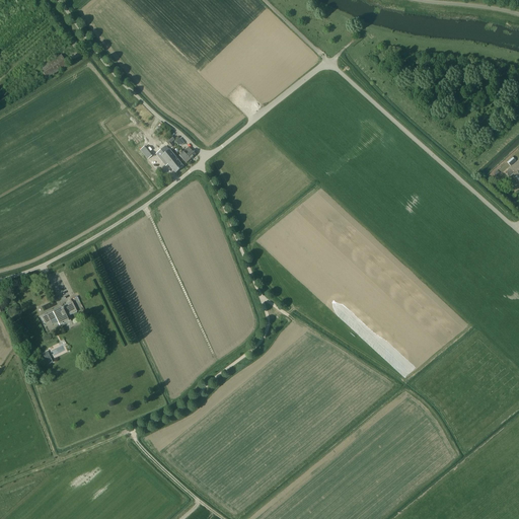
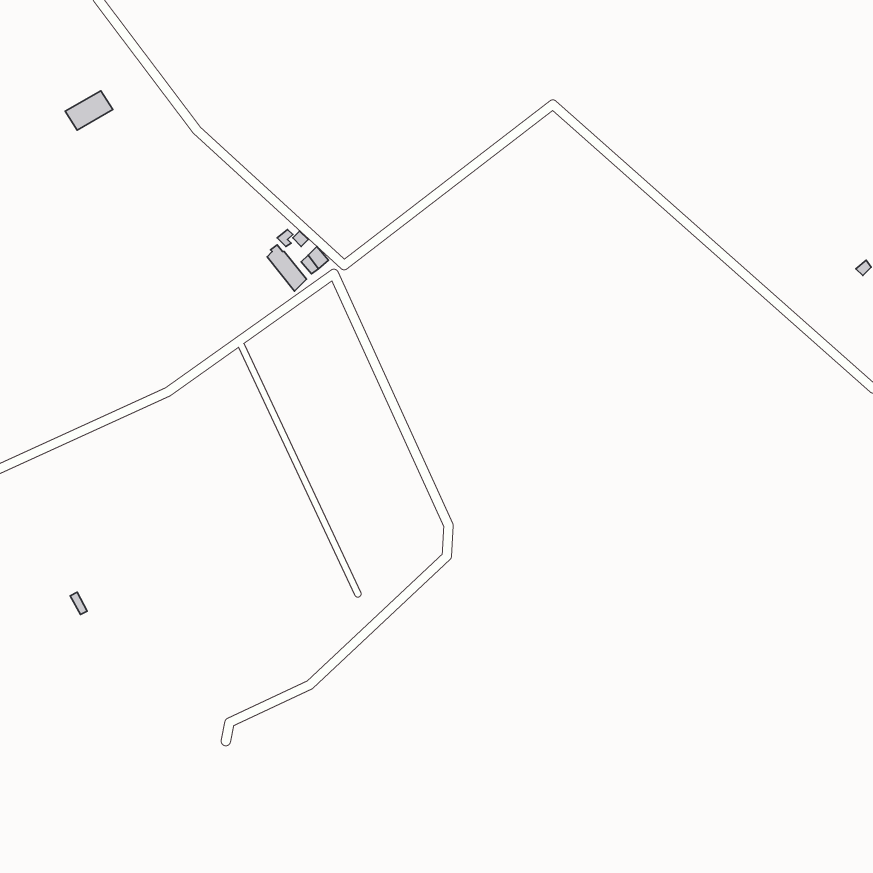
building: [41,301,75,324] -> none

